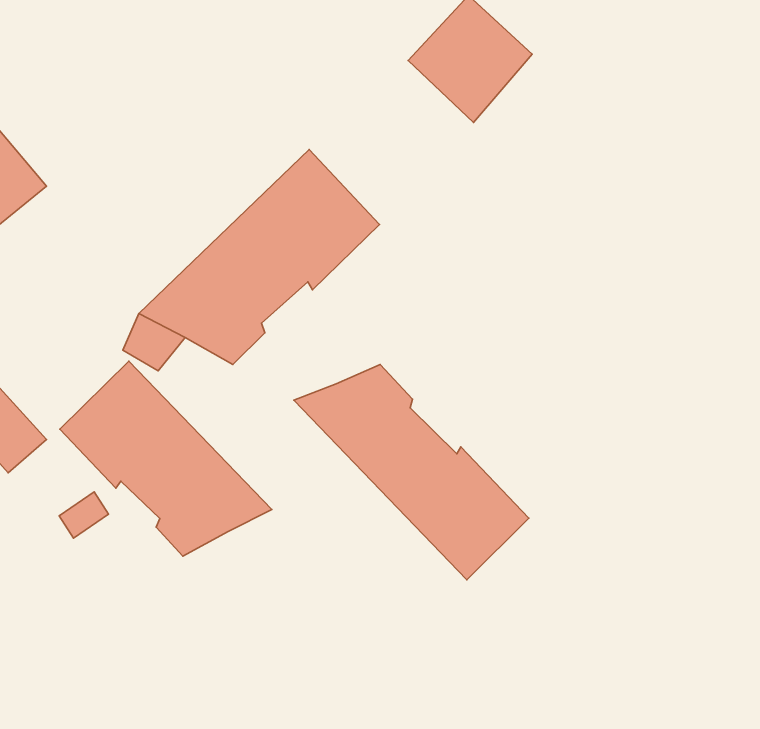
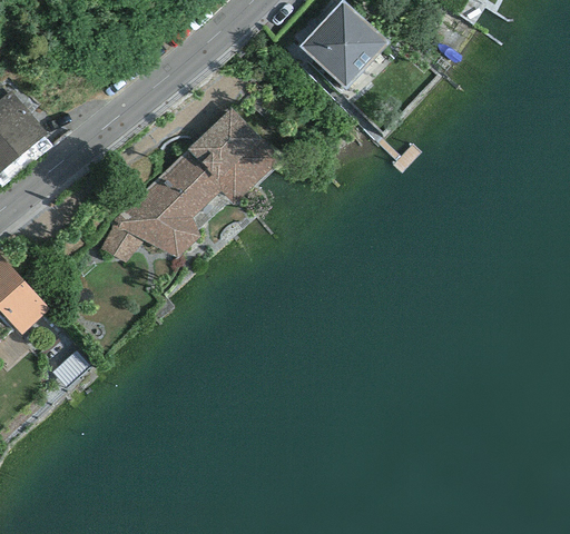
building: [60,361,272,556] -> none
building: [294,365,529,580] -> none

